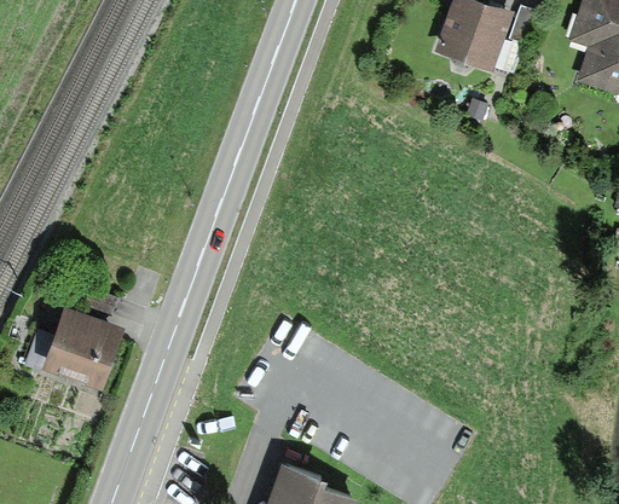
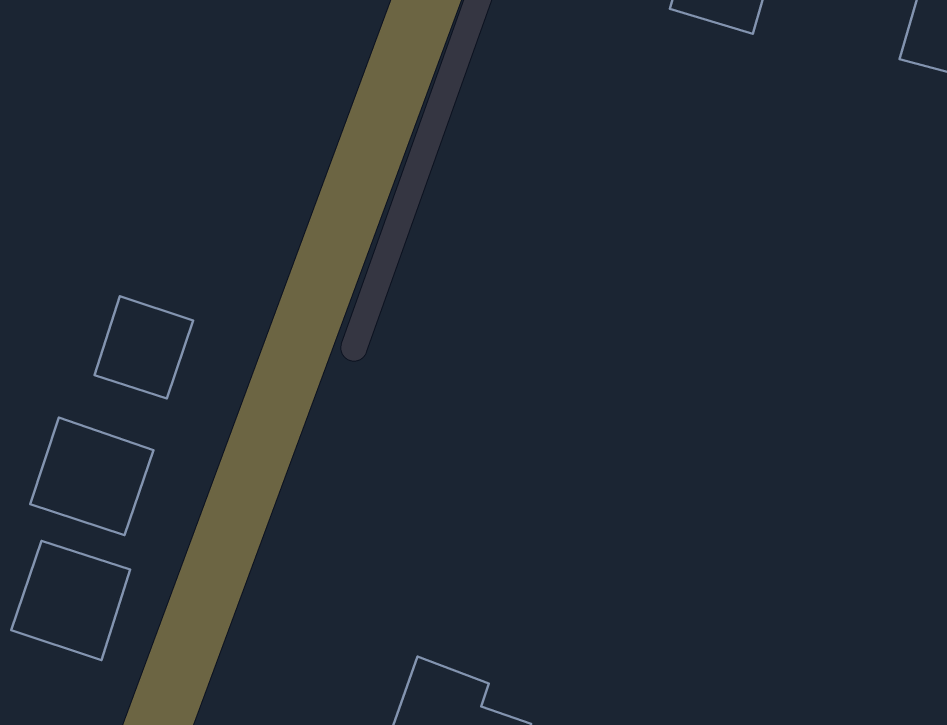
building: none -> [95,296,193,399]
building: none -> [11,541,130,660]

